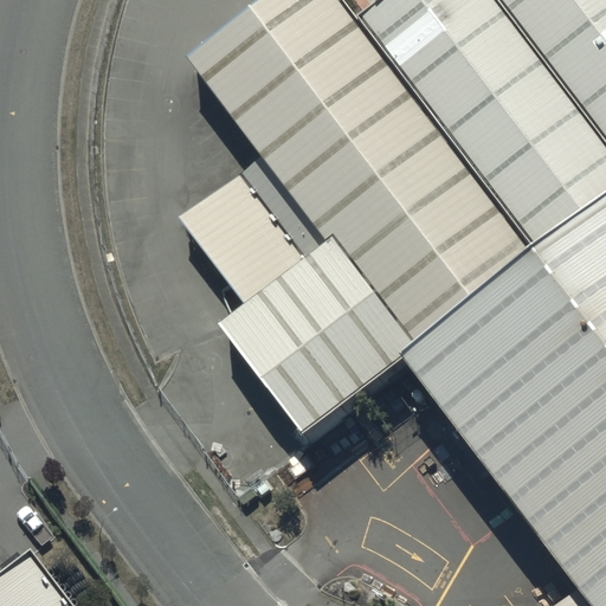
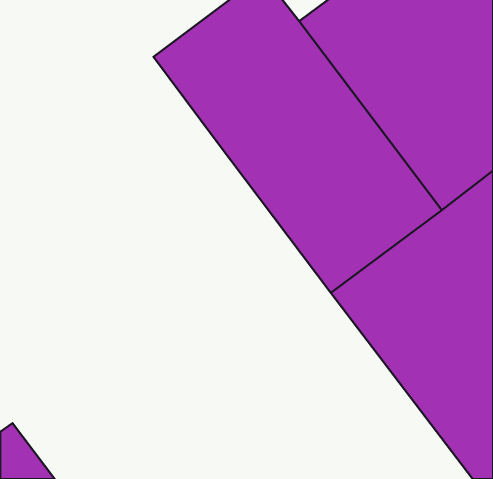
building: [196,173,406,433] -> none

